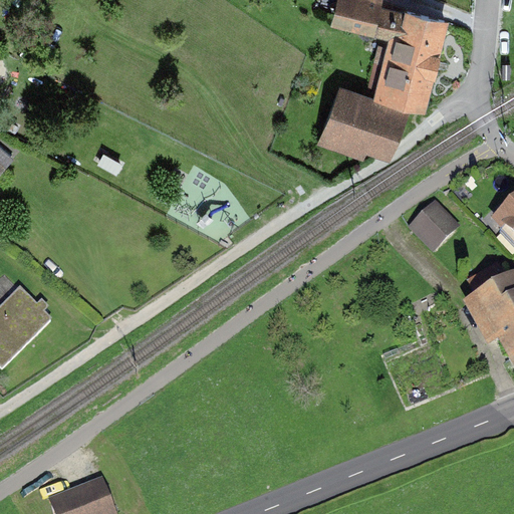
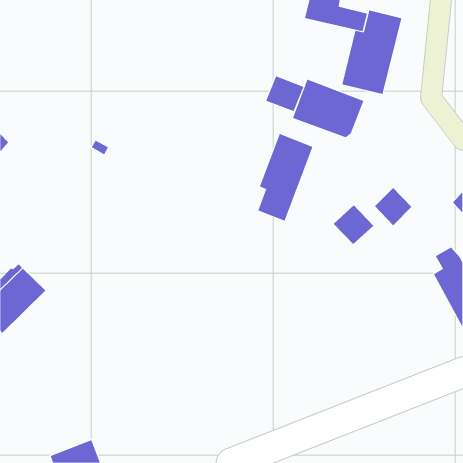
building: none -> [265,76,304,112]
building: none -> [257,133,313,222]
building: none -> [333,204,374,245]

